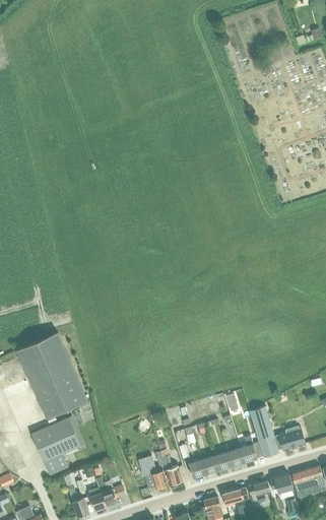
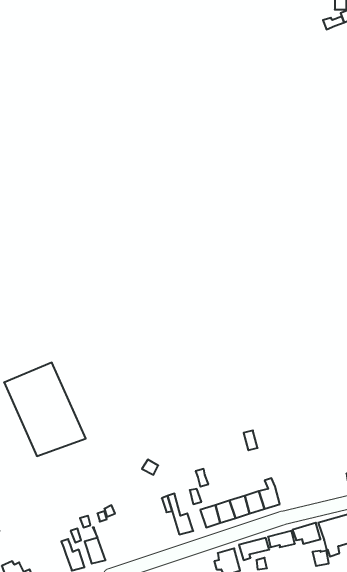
building: [249,406,305,457] -> none
building: [31,417,82,476] -> none
building: [139,456,167,490] -> none
building: [95,476,125,507] -> none

